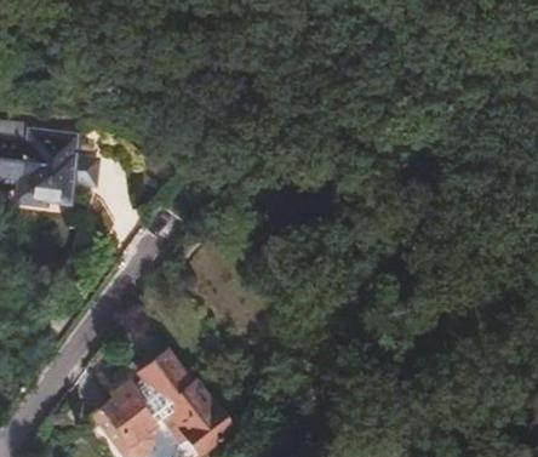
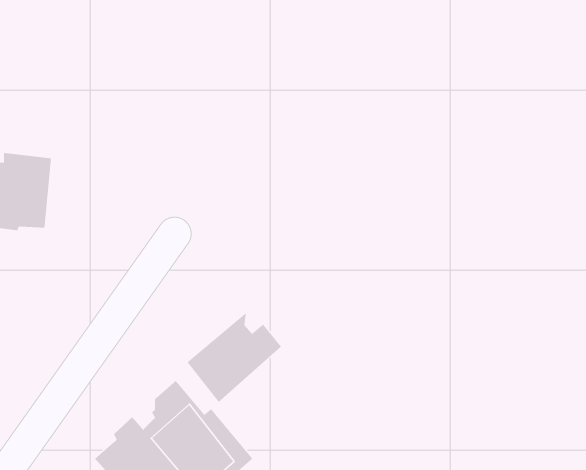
building: none -> [187,311,282,403]

